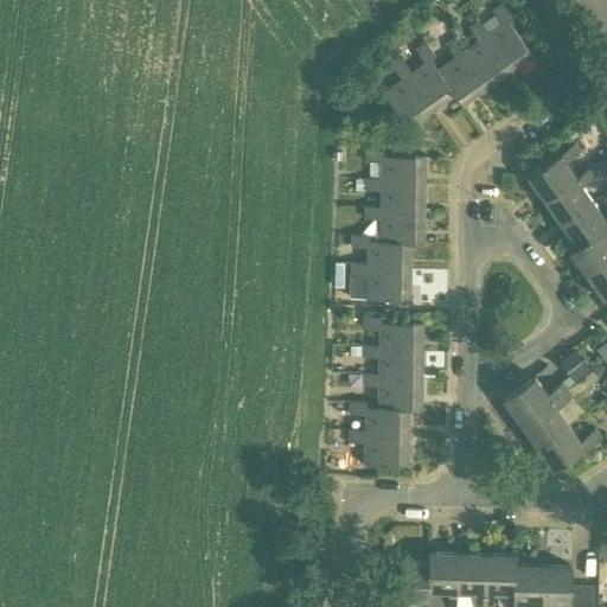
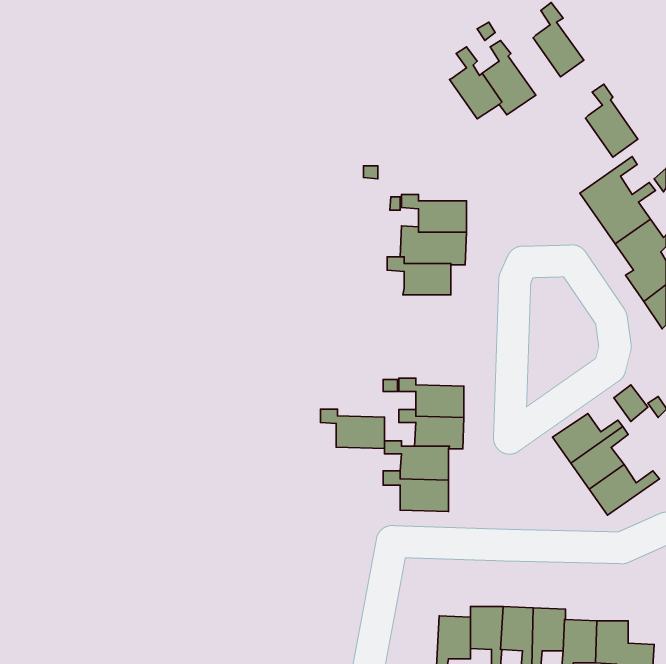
building: [462,23,510,89] -> [586,84,638,157]
building: [382,60,434,129] -> none
building: [365,152,424,185] -> none
building: [351,264,410,300] -> none
building: [364,318,422,353] -> [321,409,384,448]

